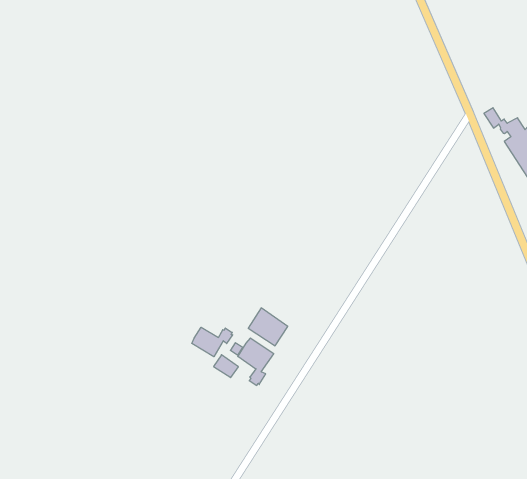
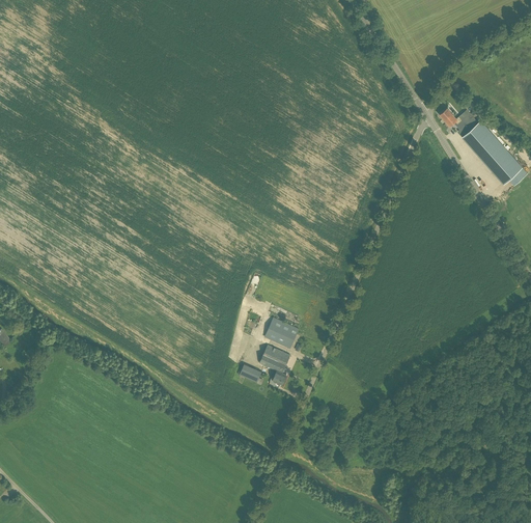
building: [192,327,233,357] -> none

